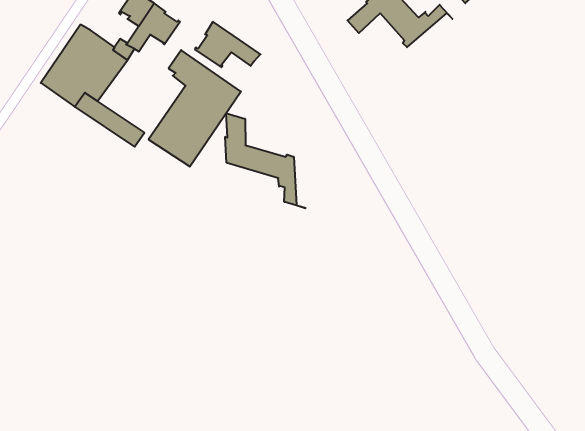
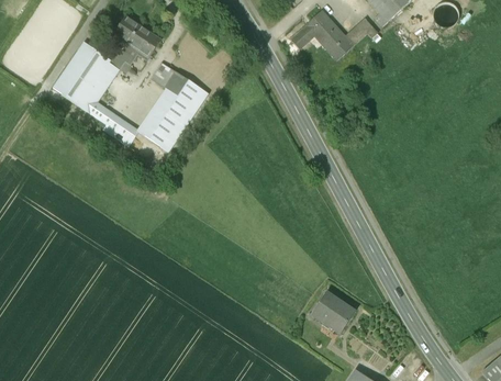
building: [195,22,261,67] -> none
building: [225,113,306,208] -> none
building: none -> [313,292,355,333]

